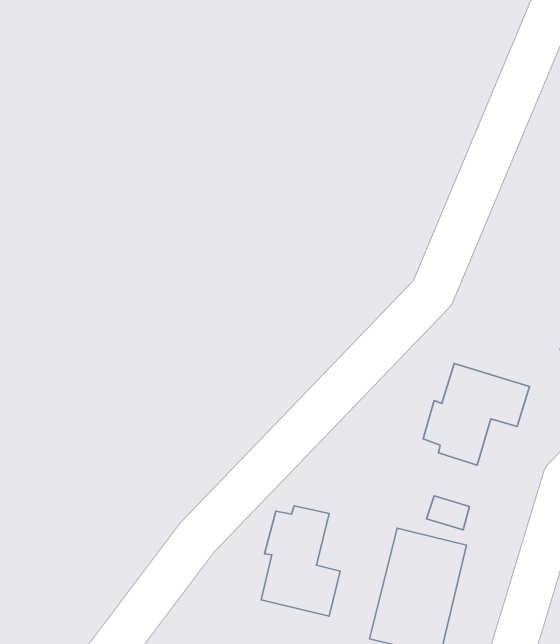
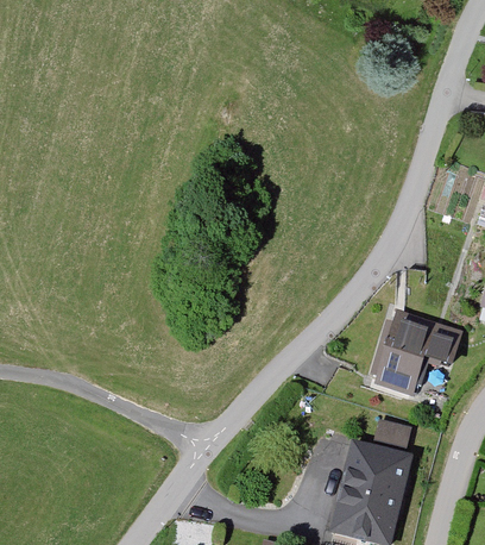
building: [261,506,340,616] -> none

